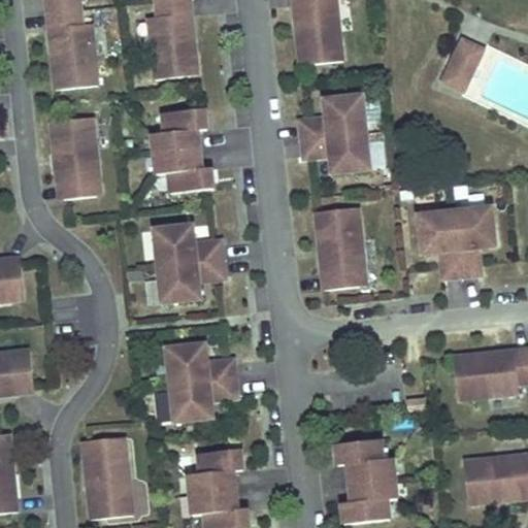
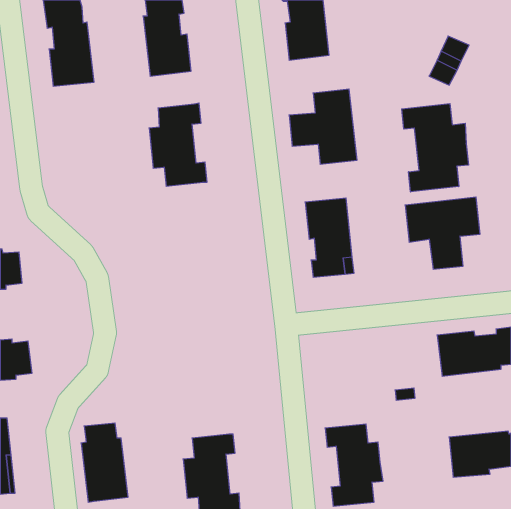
building: none -> [402,104,468,192]
building: [51,119,98,200] -> none
building: [154,226,228,303] -> none
building: [166,344,240,422] -> none

